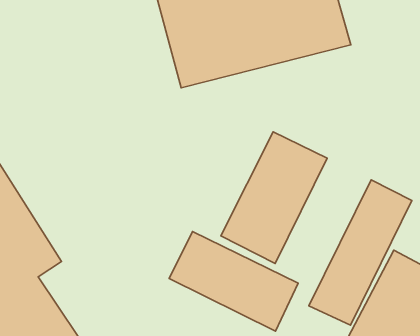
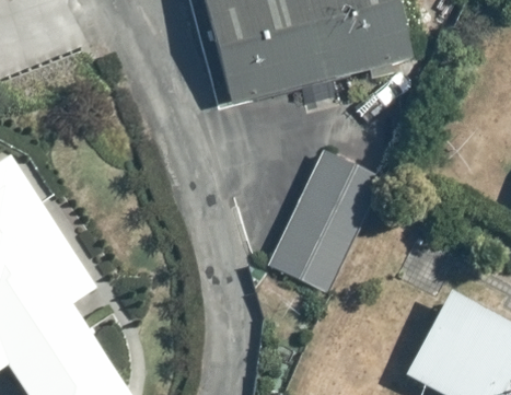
building: [309,180,412,325] -> none
building: [169,231,298,331] -> none

